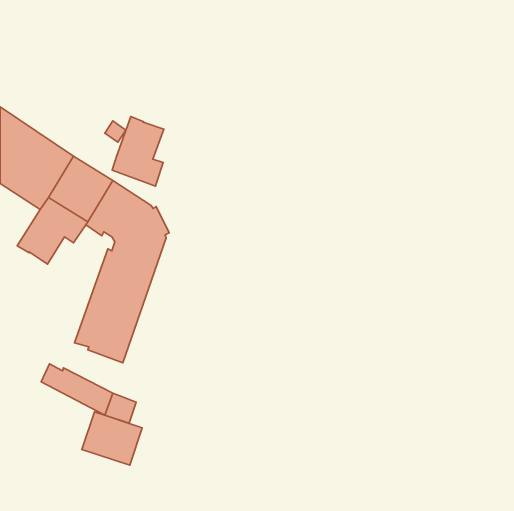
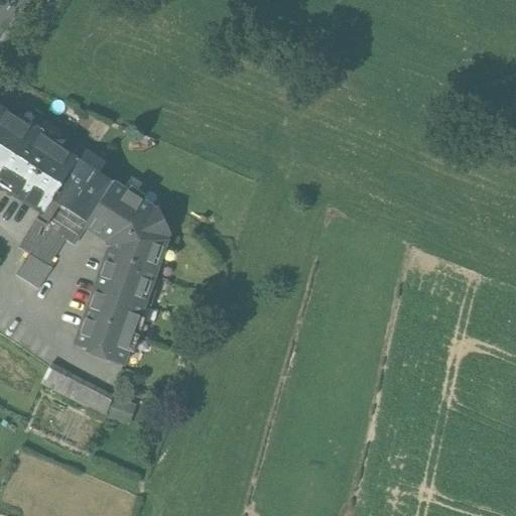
building: [112,116,164,186] -> none
building: none -> [17,252,53,287]
building: [82,412,142,465] -> none

